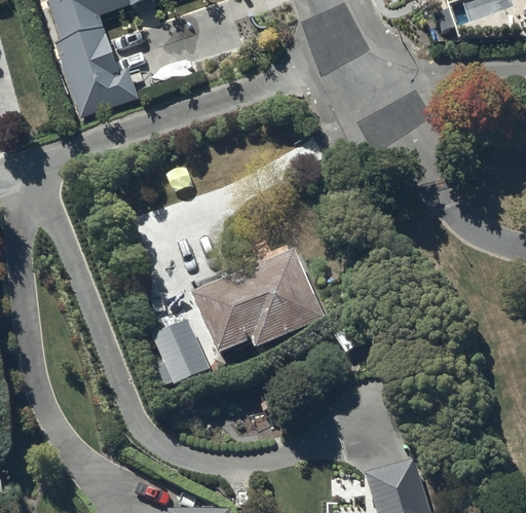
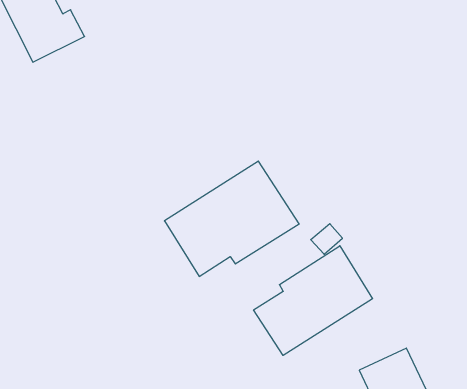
building: [149,320,208,389] -> none
building: none -> [254,246,373,355]

